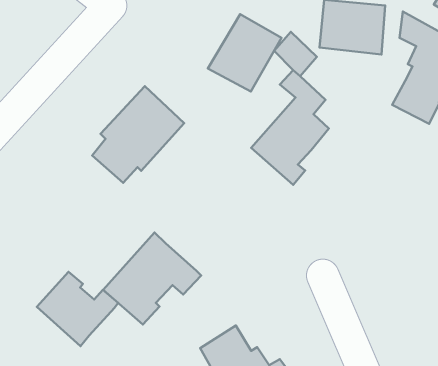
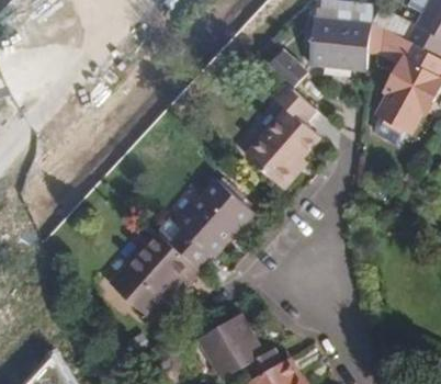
building: [208,14,281,92] -> none
building: [92,86,184,183] -> [168,178,252,267]
building: [37,272,118,346] -> none

